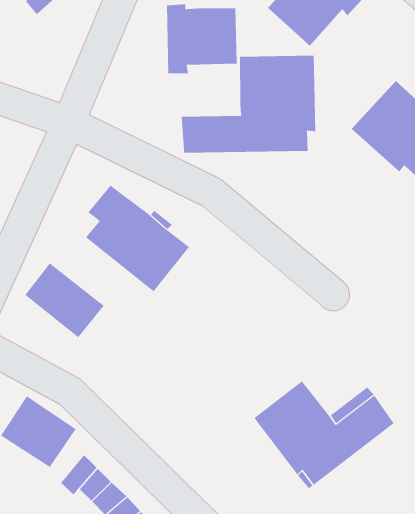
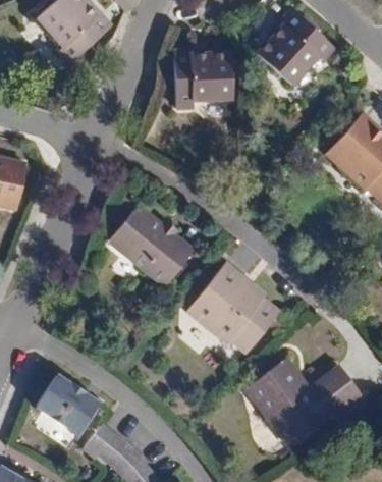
building: [181,55,316,154] -> none
building: [25,263,104,338] -> none
building: none -> [186,265,279,355]

